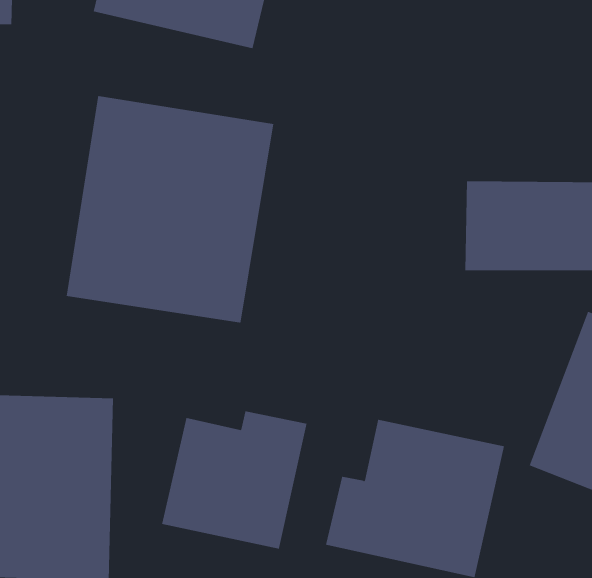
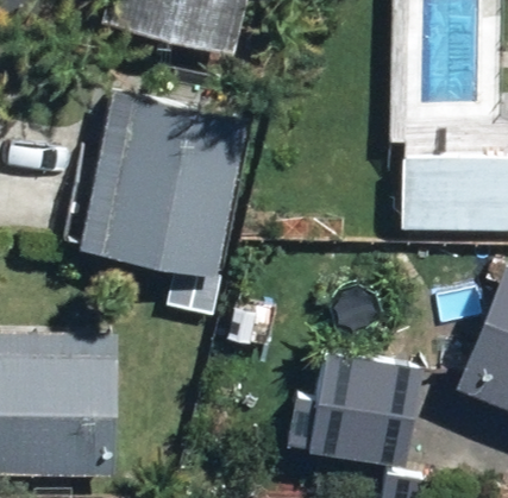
building: [162,411,307,550] -> none

